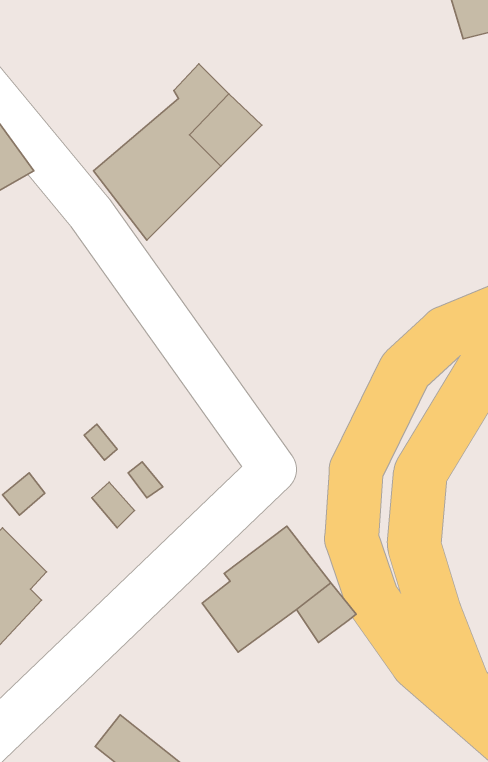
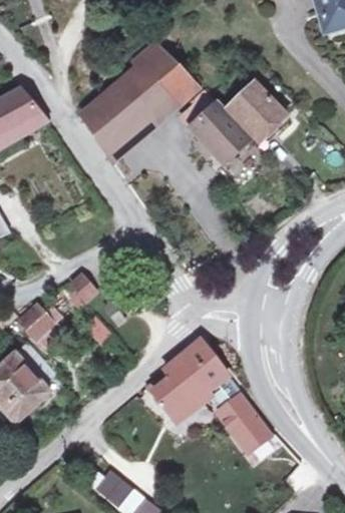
building: none -> [227,83,285,140]
building: none -> [182,106,246,163]
building: none -> [220,402,265,448]

